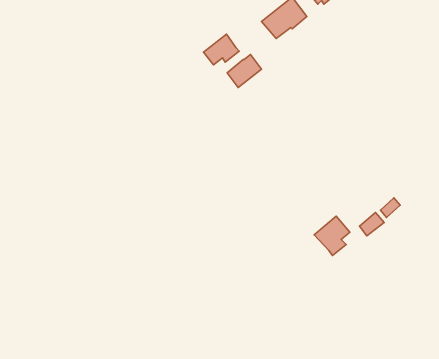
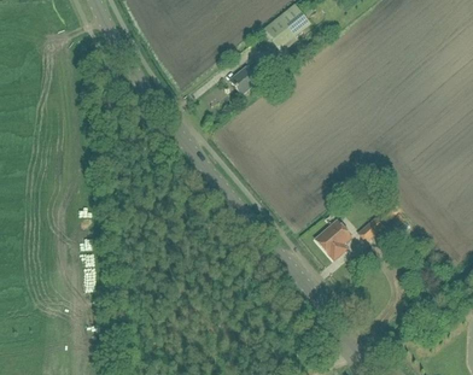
building: [204,34,239,65] -> none

